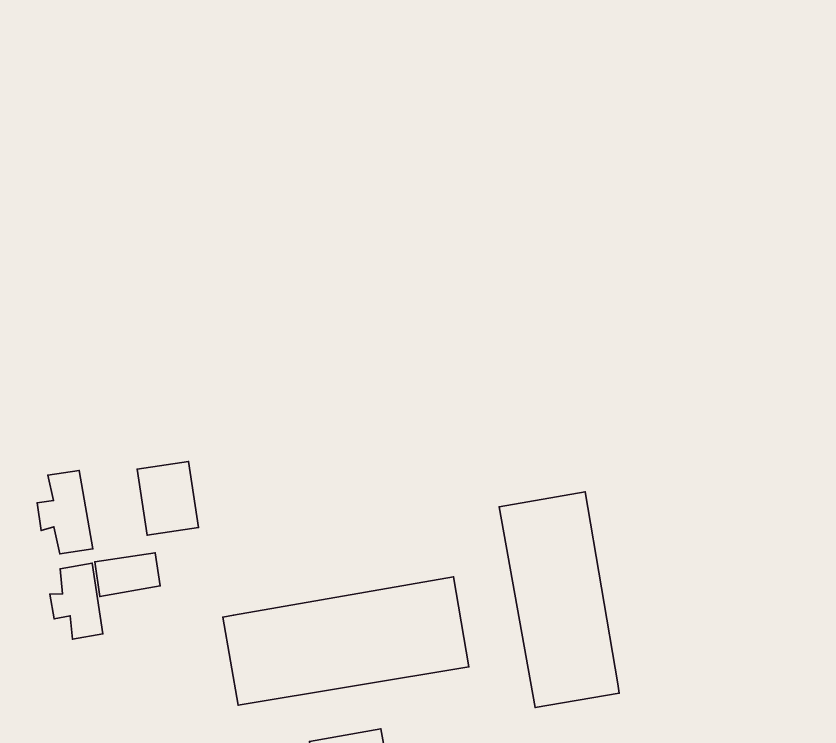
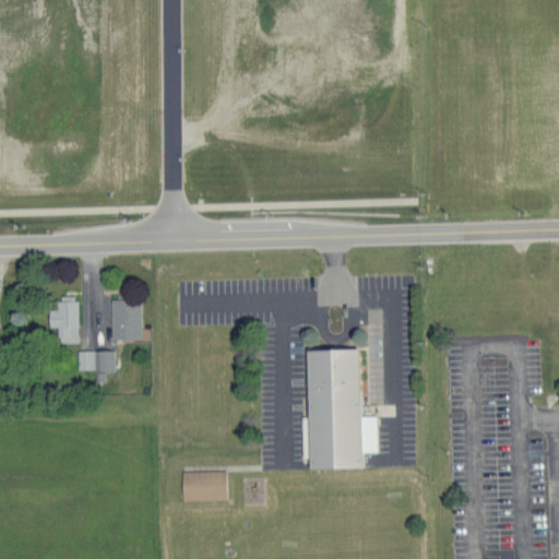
building: [50,563,103,639] -> none
building: [223,577,469,705] -> none

